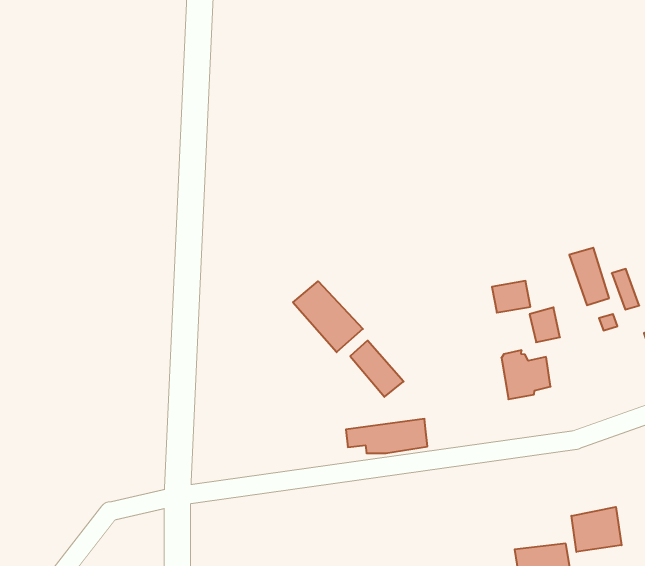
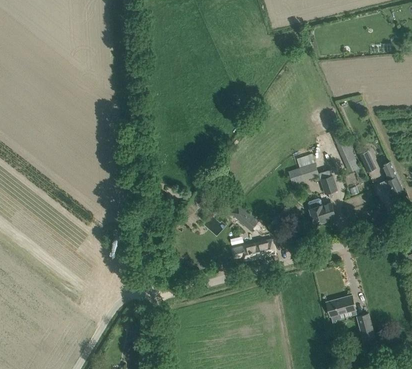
building: [293,281,363,352] -> none
building: [571,507,622,552] -> none

